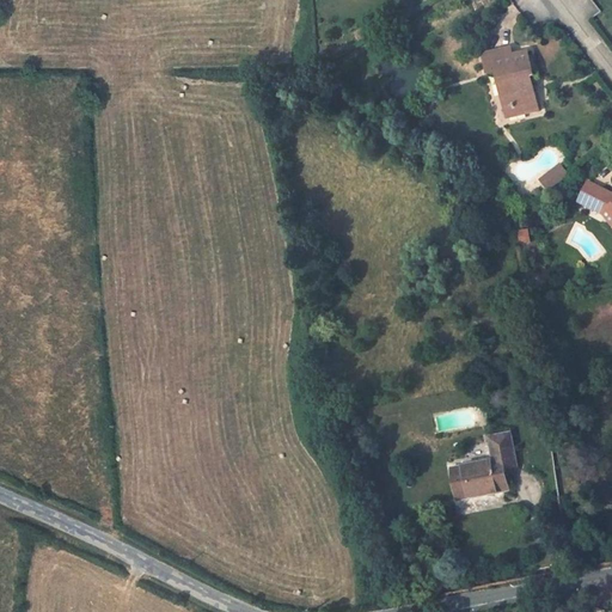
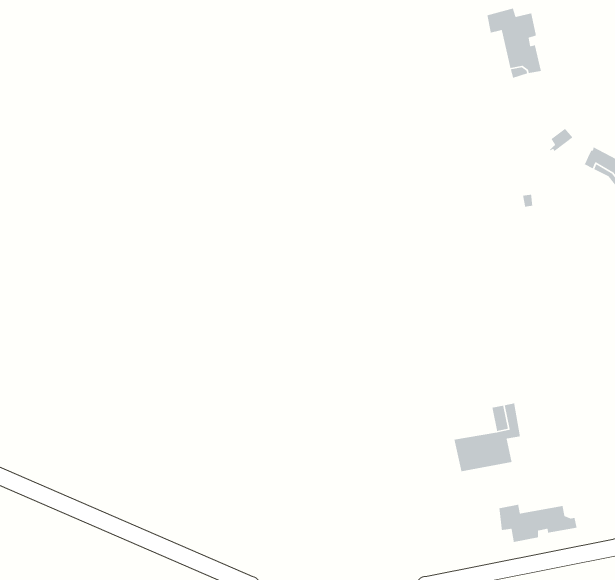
building: none -> [499,504,578,543]

